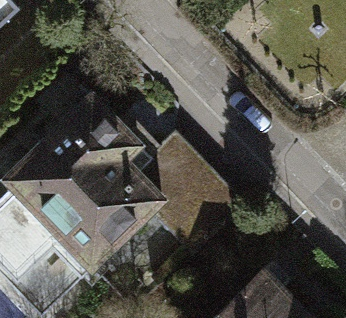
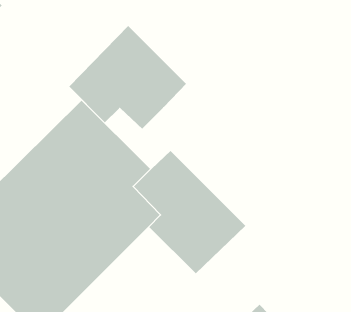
building: none -> [68,25,187,129]

